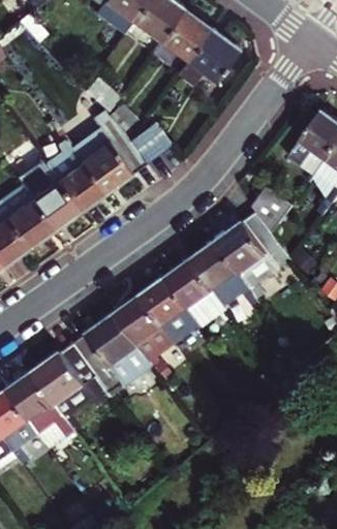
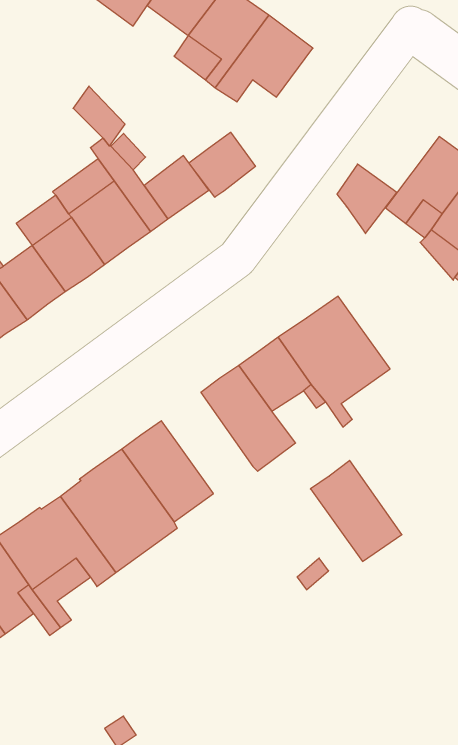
building: none -> [189,132,255,197]
building: [250,186,289,231] -> [337,164,397,234]
building: [141,277,201,343] -> [310,460,402,561]

